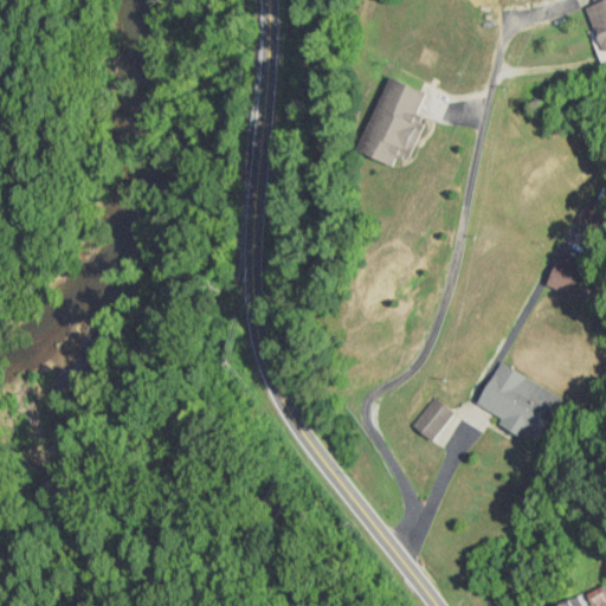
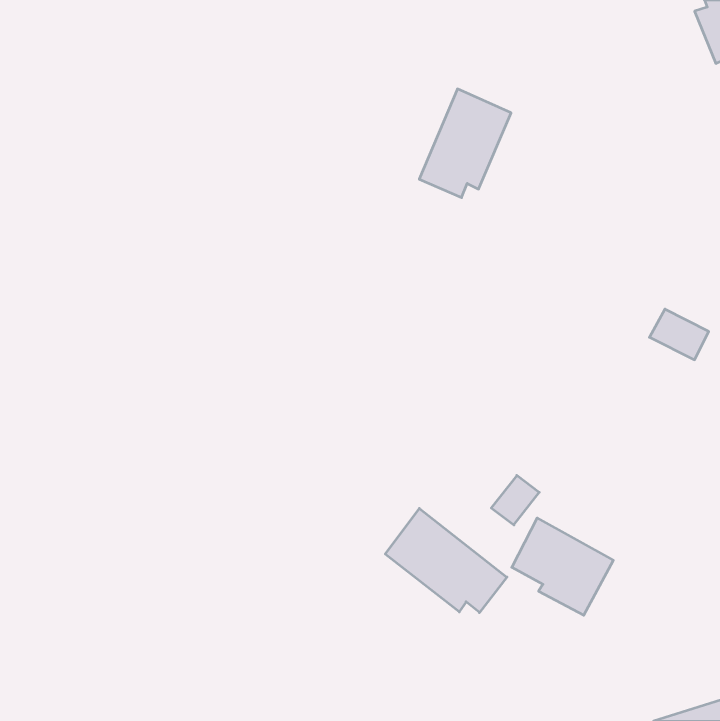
building: [477,362,562,444] -> [512,518,613,615]
building: none -> [385,508,507,613]

